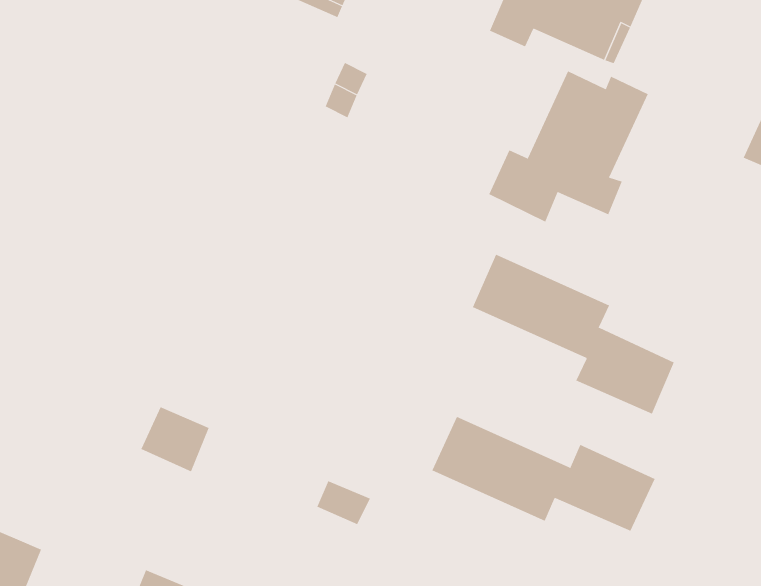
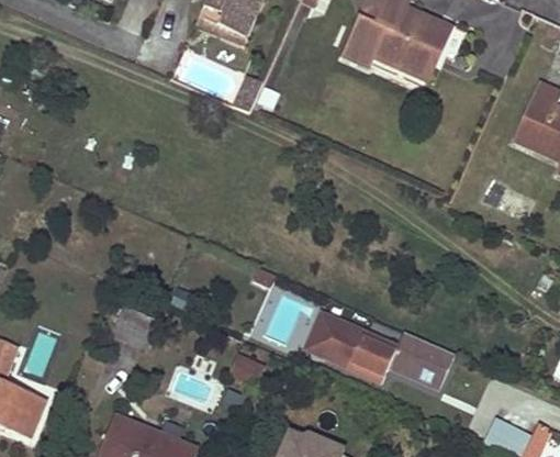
building: [489,70,649,222] -> none
building: [472,254,674,415] -> none

